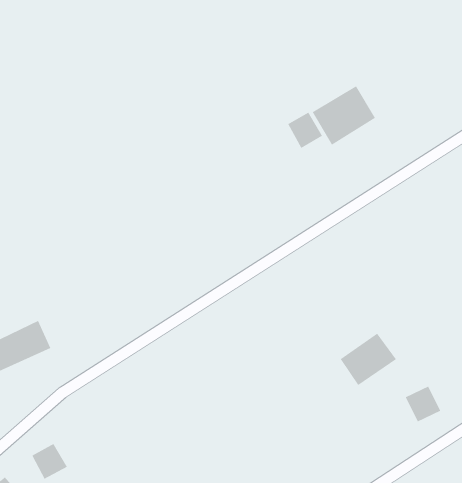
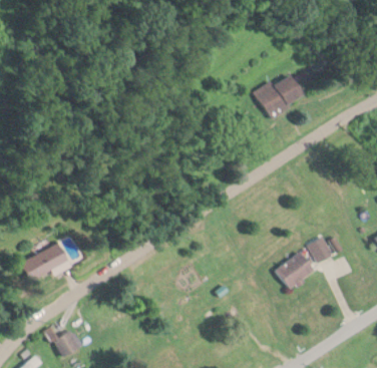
building: [287,112,323,149] -> none
building: [405,386,441,422] -> [310,238,336,264]

